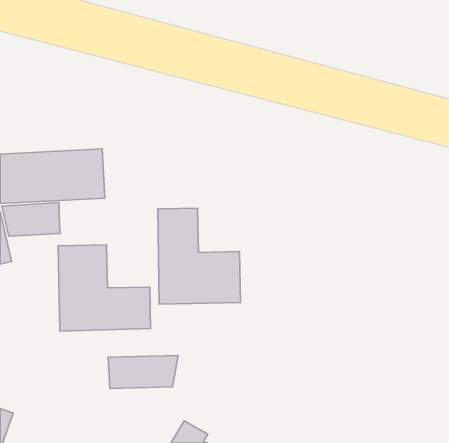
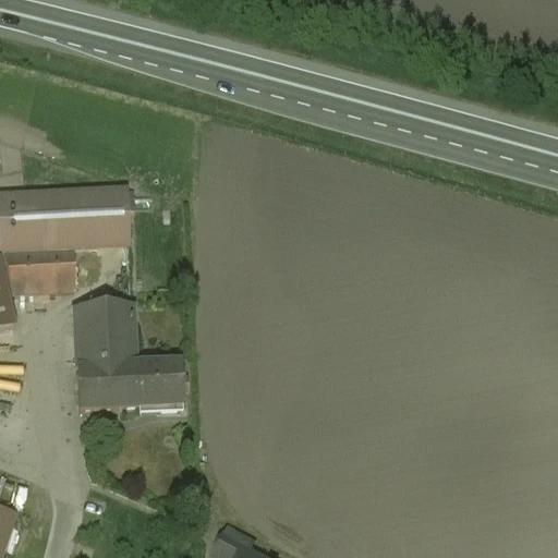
building: [158,208,241,304] -> none
building: [108,356,178,389] -> none

